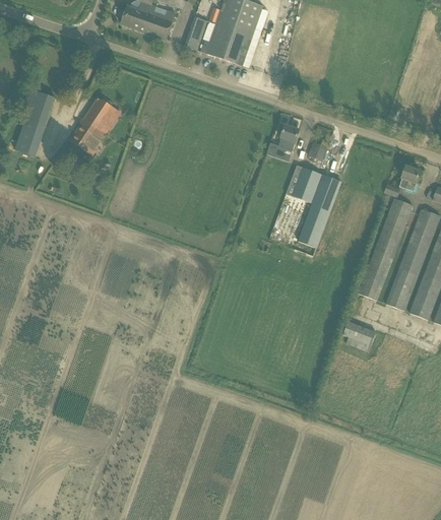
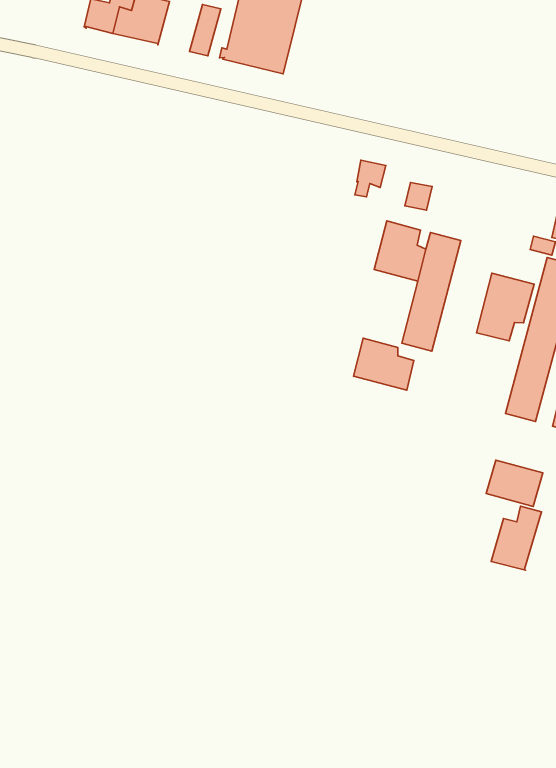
building: [70,96,121,154] -> none
building: none -> [476,273,534,341]
building: none -> [354,338,414,390]
building: none -> [491,506,541,570]

